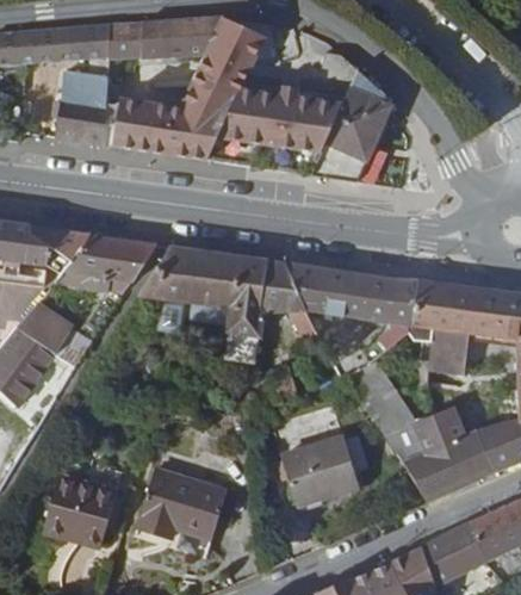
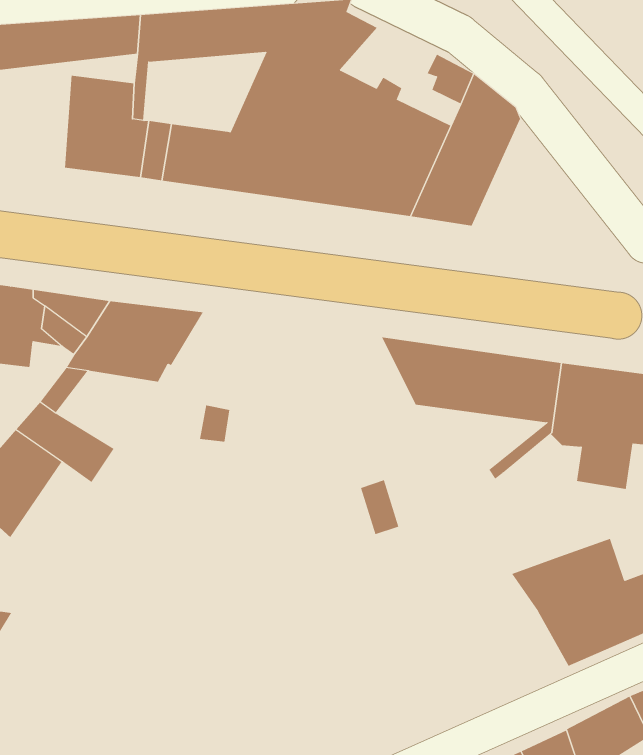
building: [141,244,323,361] -> none
building: [345,360,418,434] -> none
building: [279,438,358,506] -> none
building: [139,470,229,541] -> none
building: [48,476,119,546] -> none

